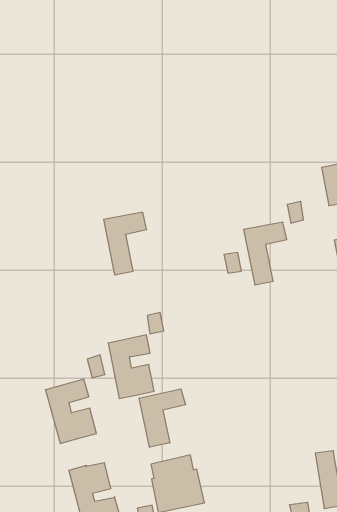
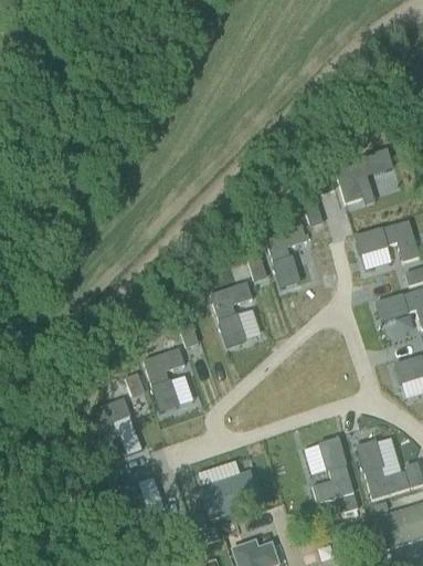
building: [104,212,147,275] -> [210,283,253,347]
building: [139,389,186,447] -> none
building: none -> [303,439,353,504]

